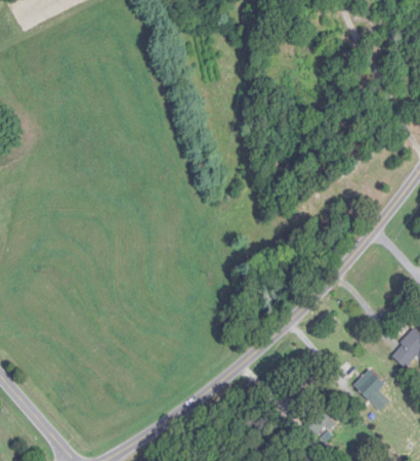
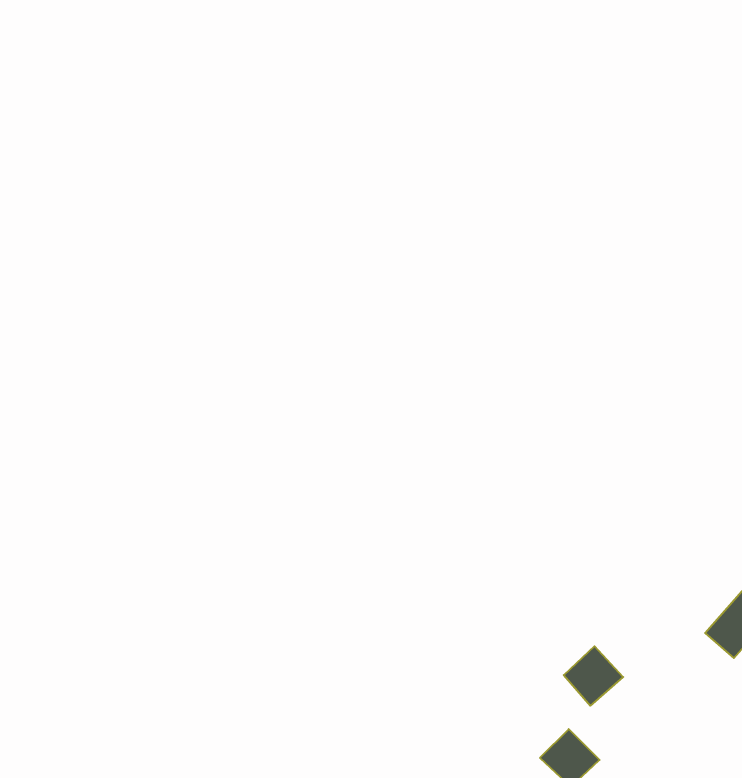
building: [353,369,385,401] -> [564,646,623,706]

